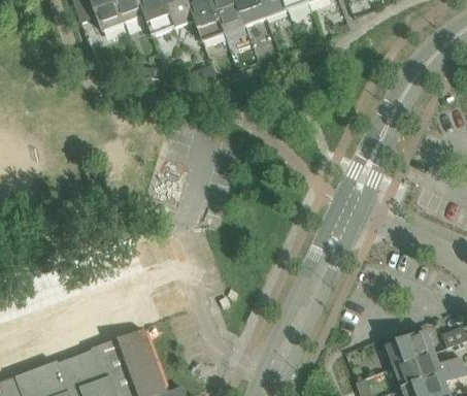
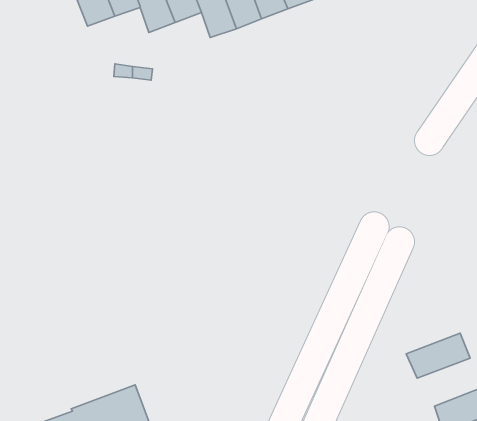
building: none -> [406,333,470,378]

